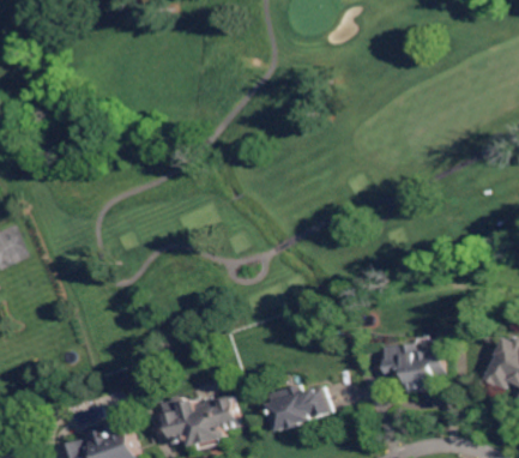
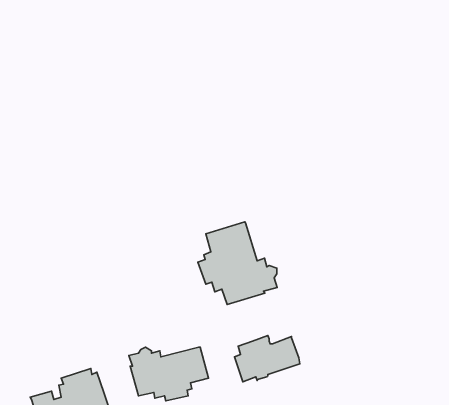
building: none -> [198,222,277,304]
building: [382,344,446,392] -> none

